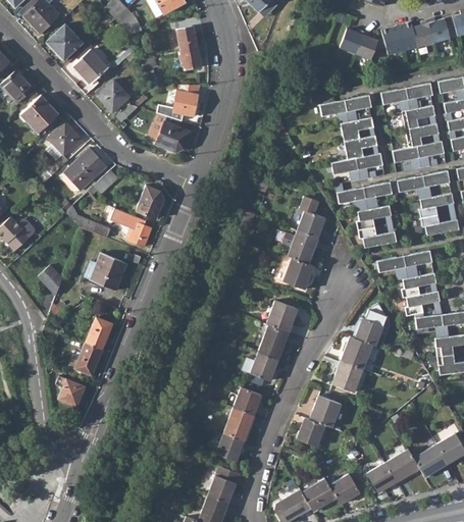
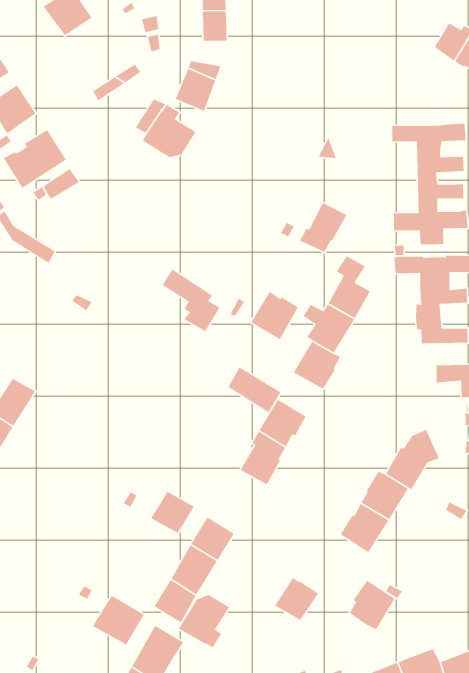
building: [97,81,130,113] -> none
building: none -> [299,202,347,253]
building: [136,186,164,219] -> none
building: [110,208,152,247] -> [162,269,220,332]
building: none -> [250,291,299,340]
building: [85,253,125,291] -> none
building: none -> [227,367,282,413]
building: [250,353,278,380] -> [150,491,195,534]
building: [312,396,342,428] -> [349,580,396,630]
building: none -> [178,594,230,649]
building: none -> [92,595,145,645]

